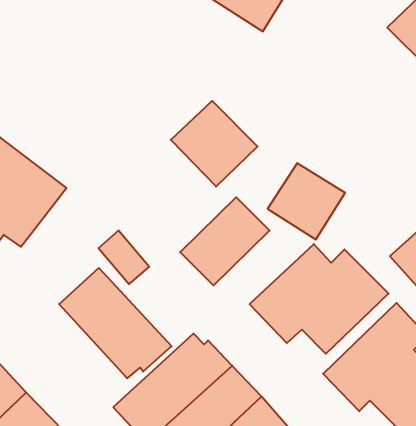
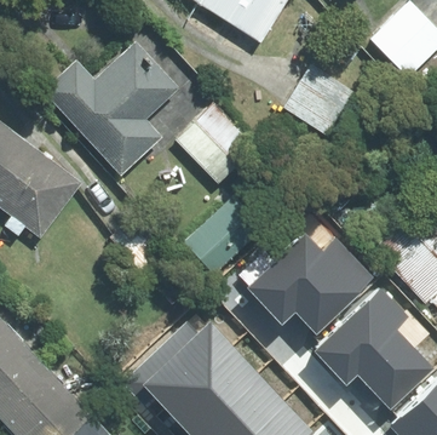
building: none -> [44,42,178,174]
building: [268,163,345,240] -> [284,65,355,134]
building: [59,268,172,378] -> none

